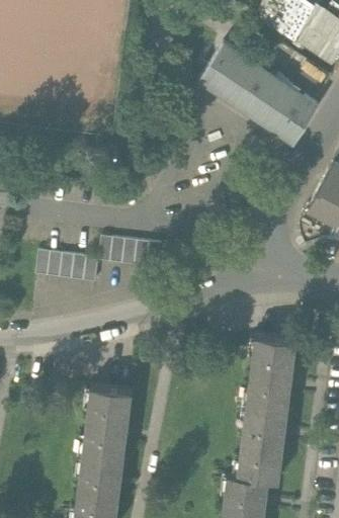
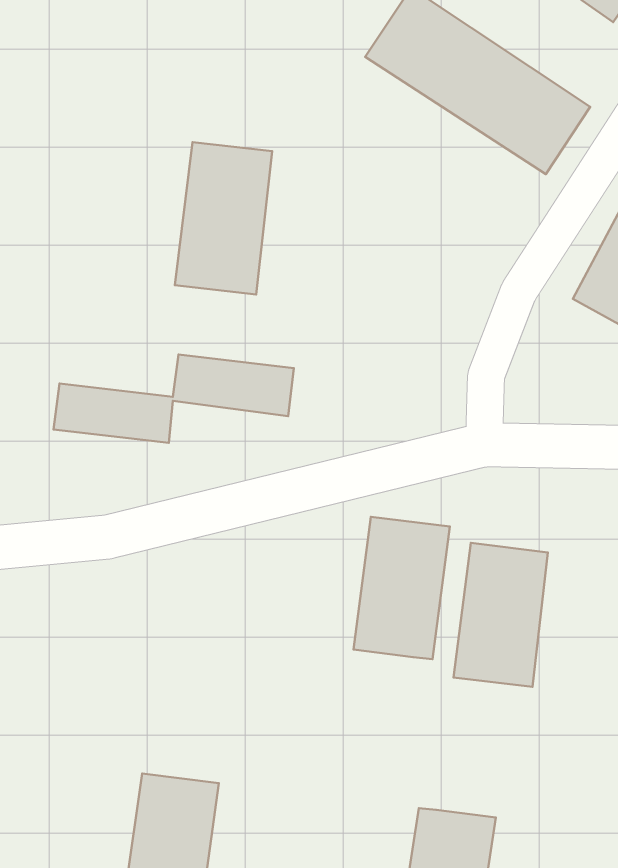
building: none -> [175,142,272,294]
building: [82,385,132,461] -> none
building: [237,406,287,481] -> [354,517,450,659]

